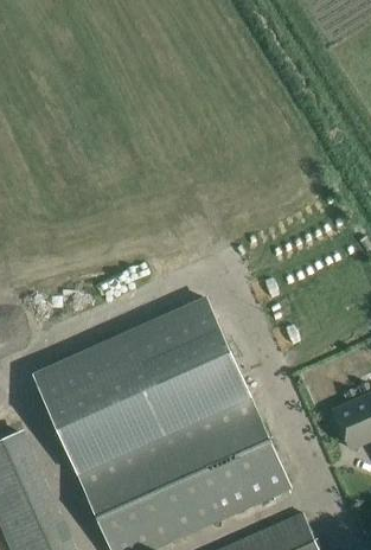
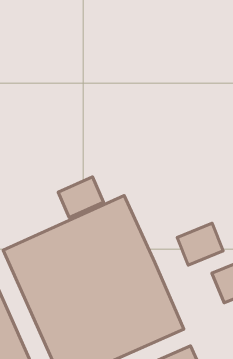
building: none -> [58,177,103,217]
building: none -> [177,223,223,265]

